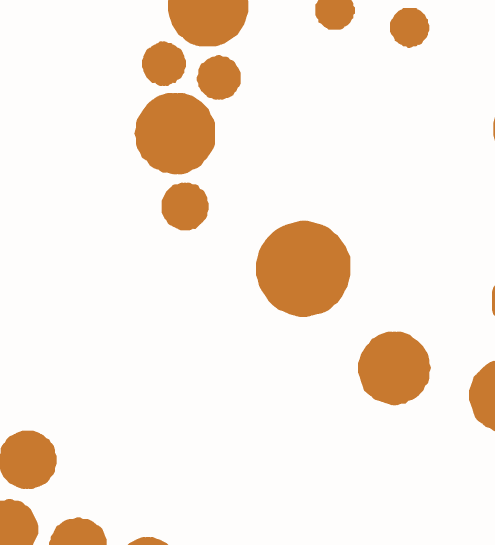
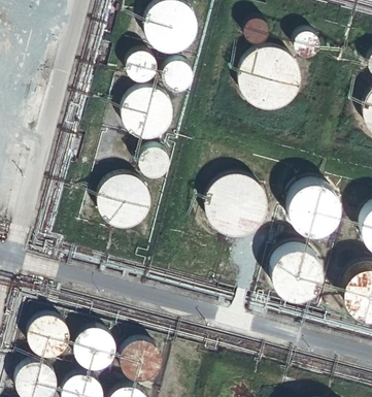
building: none -> [235,46,301,111]
building: none -> [94,172,149,228]
building: none -> [288,184,338,234]
building: none -> [74,327,114,367]
building: none -> [121,340,161,381]

